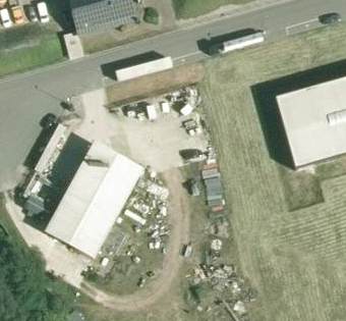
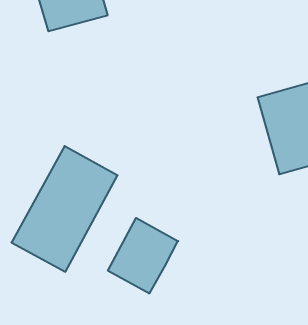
building: none -> [108,218,178,294]

